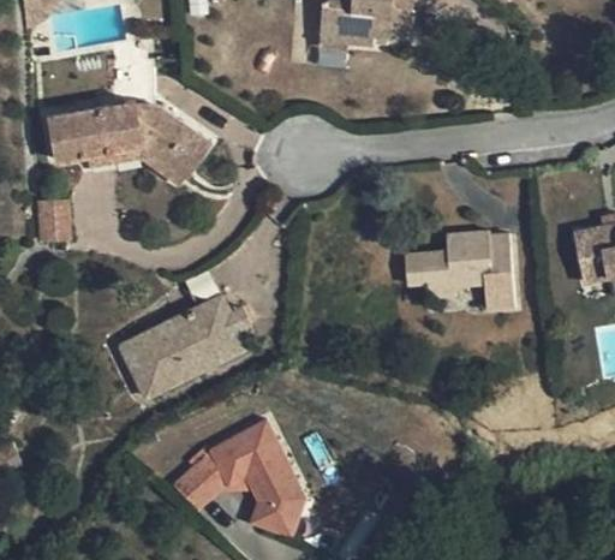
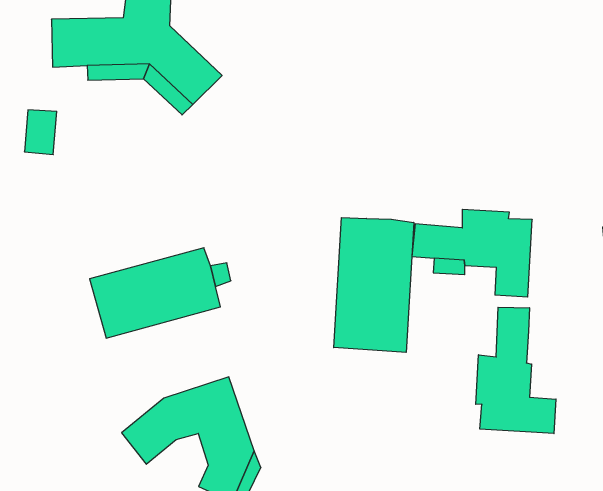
building: none -> [334,218,414,352]
building: none -> [476,307,556,434]

